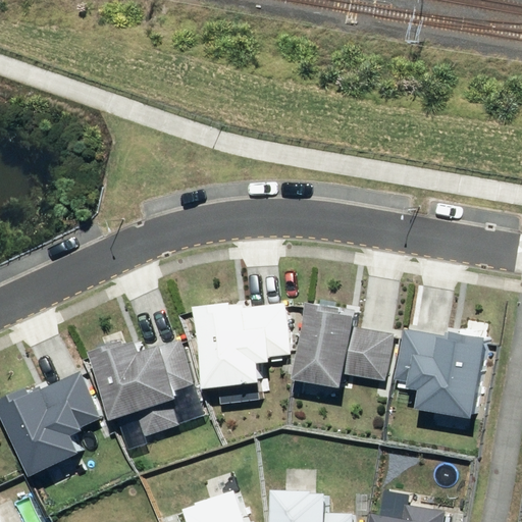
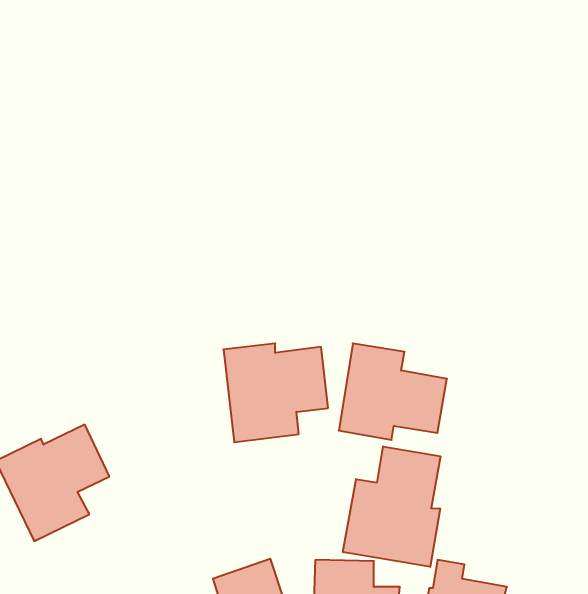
building: [389,329,483,417] -> none
building: [89,340,188,436] -> none
building: none -> [343,446,440,567]

